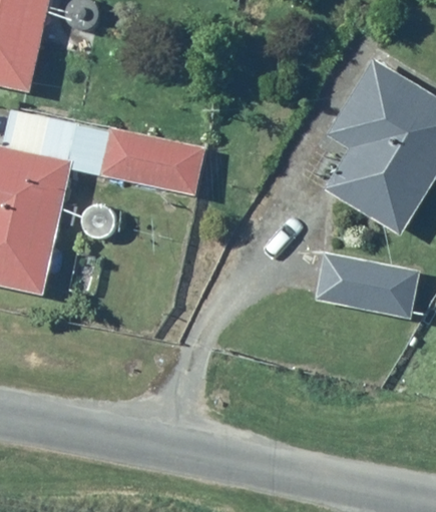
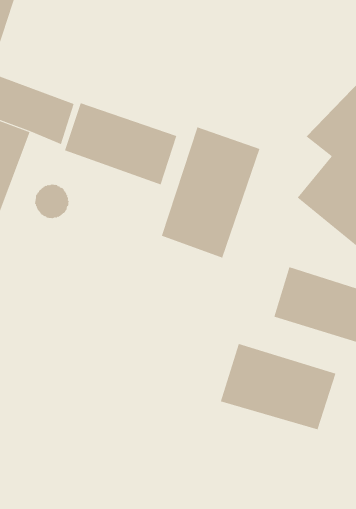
building: none -> [161,127,260,258]
building: none -> [220,343,336,430]

